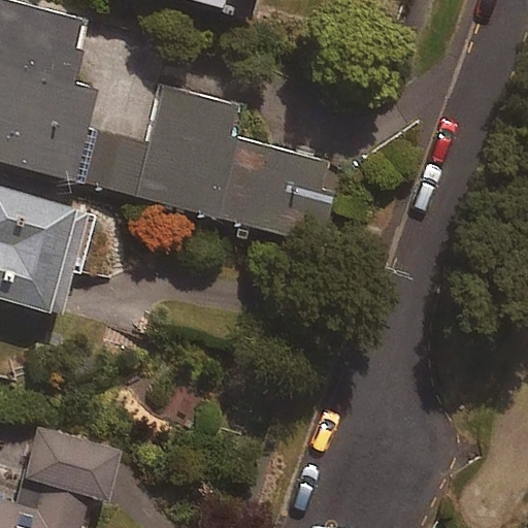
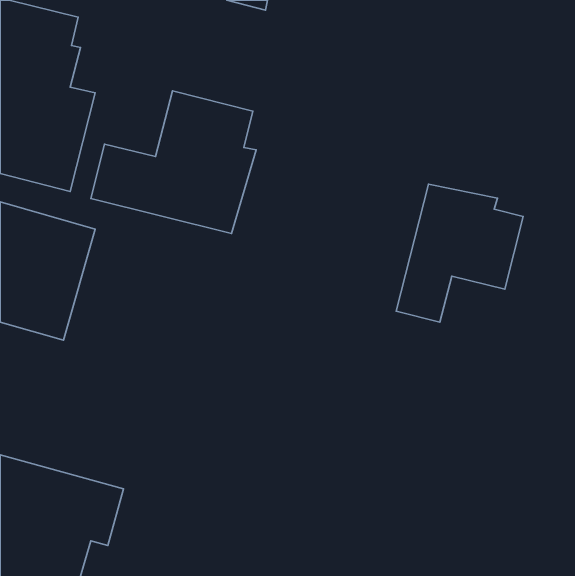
building: [217,139,330,241] -> none
building: none -> [396,184,523,322]

